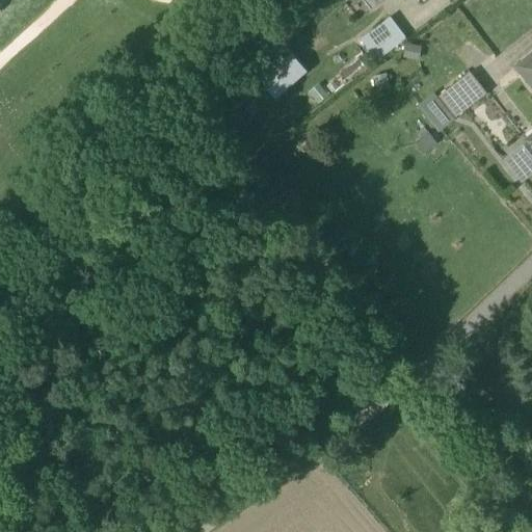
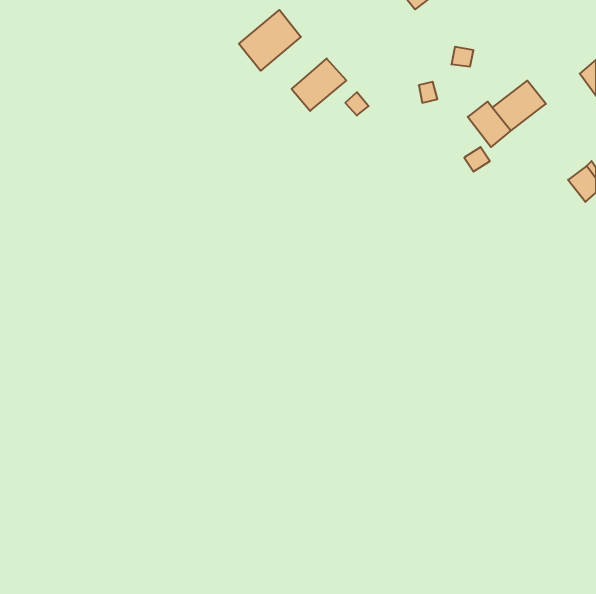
building: none -> [239,10,301,71]
building: [361,16,406,59] -> none

